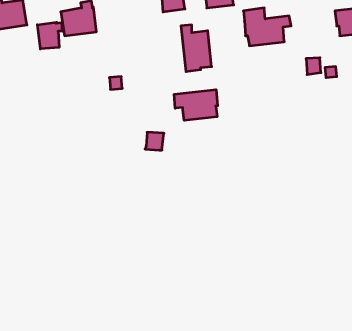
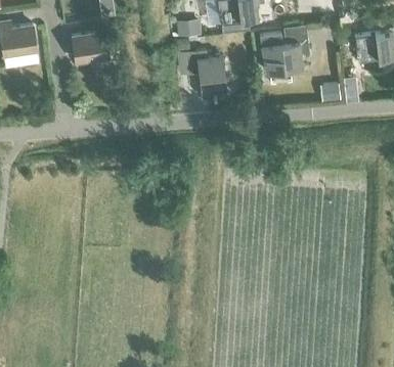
building: [37,22,62,49] -> none
building: [174,90,218,120] -> none

